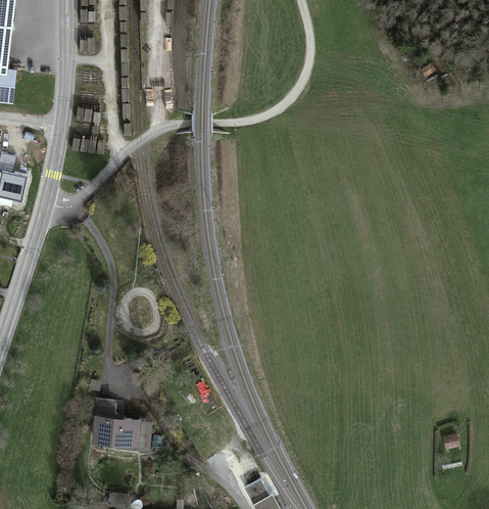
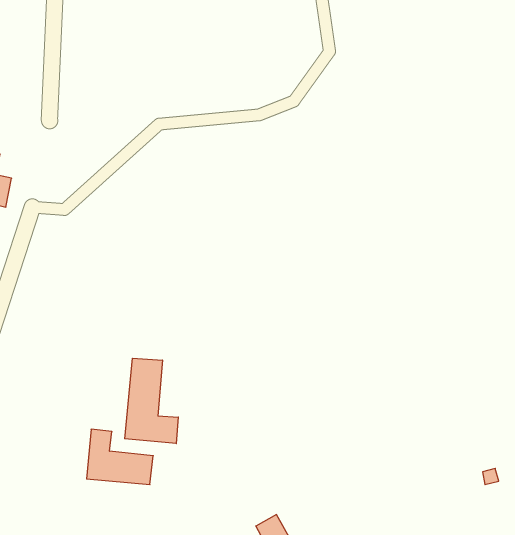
building: none -> [125,358,178,444]

